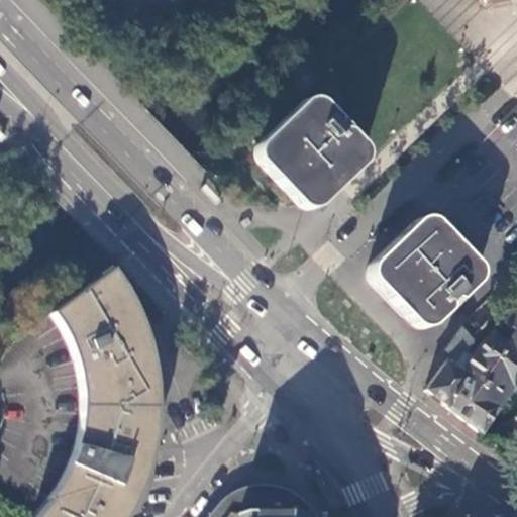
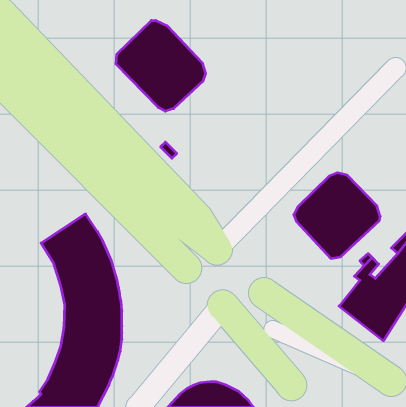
building: none -> [116,20,206,111]
building: [263,98,370,206] -> none

